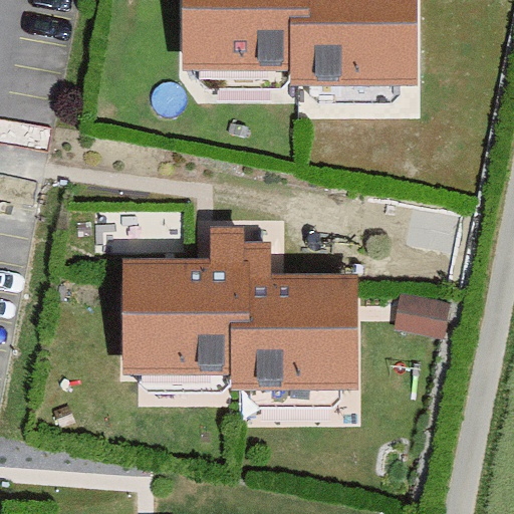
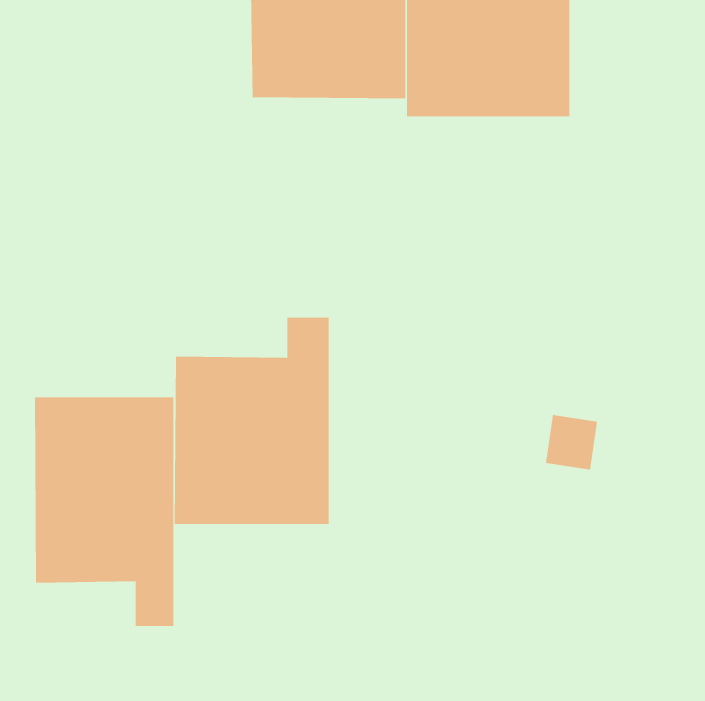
building: [237,240,357,393] -> none
building: none -> [34,396,174,627]

